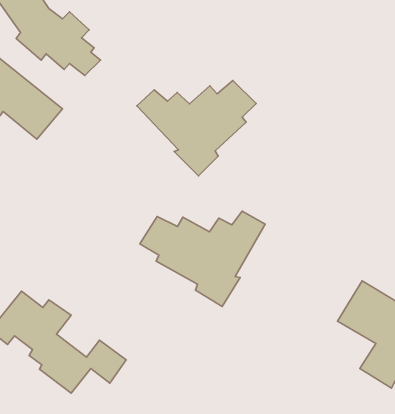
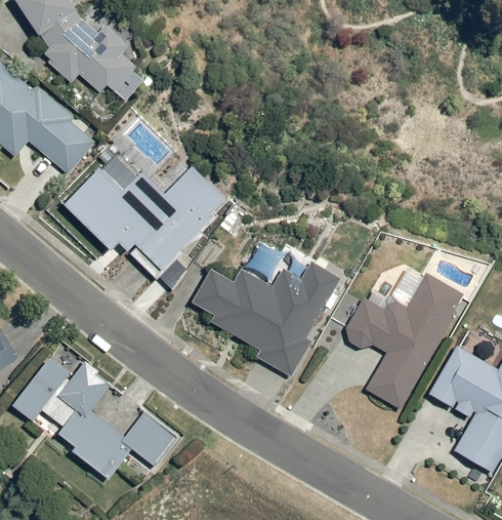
building: [137,81,256,176] -> none
building: none -> [61,165,228,270]
building: none -> [345,272,464,407]

